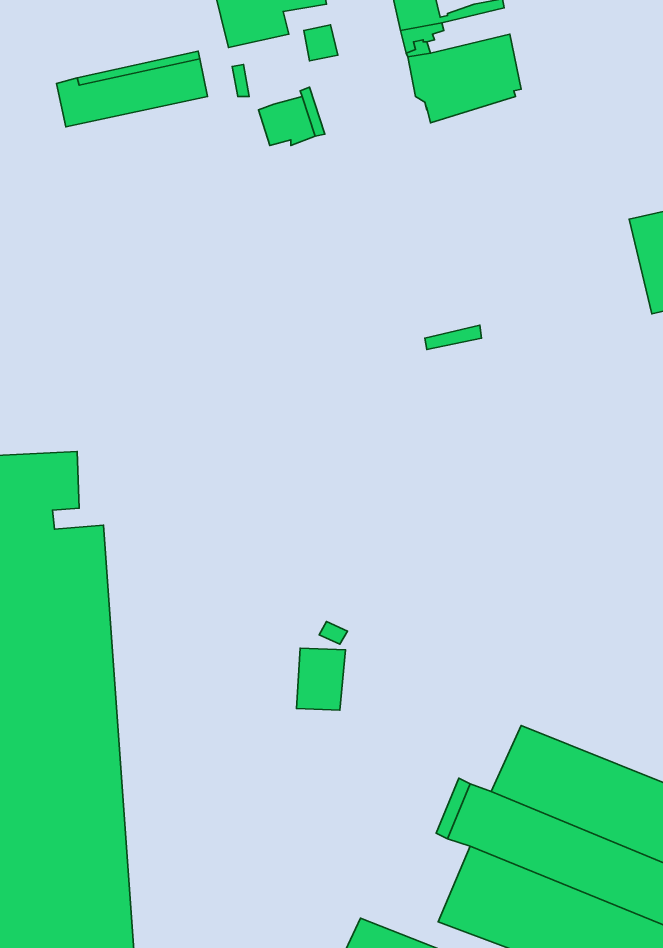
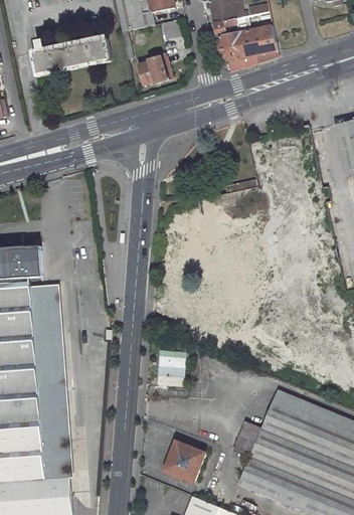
building: none -> [163,441,205,482]

